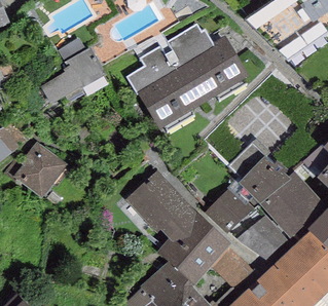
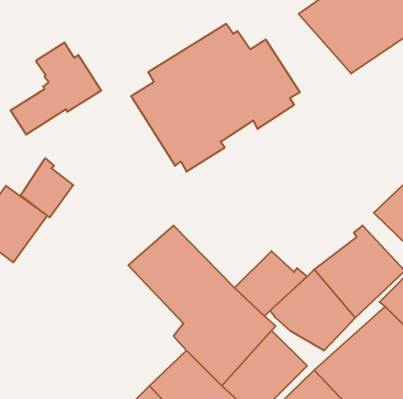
building: none -> [21,158,73,217]
building: [225,142,290,206] -> none

